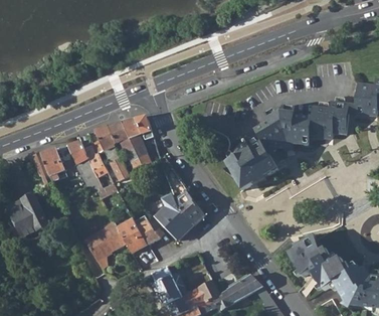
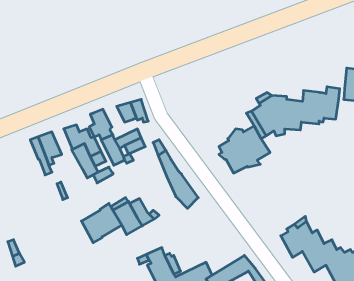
building: [108,120,142,154] -> none
building: [7,192,48,235] -> none
building: [154,192,193,239] -> none

